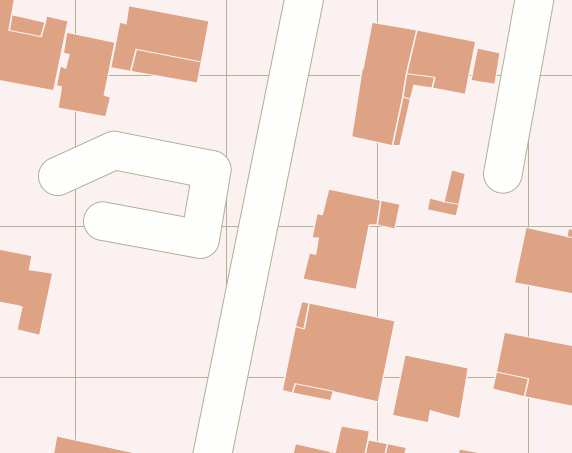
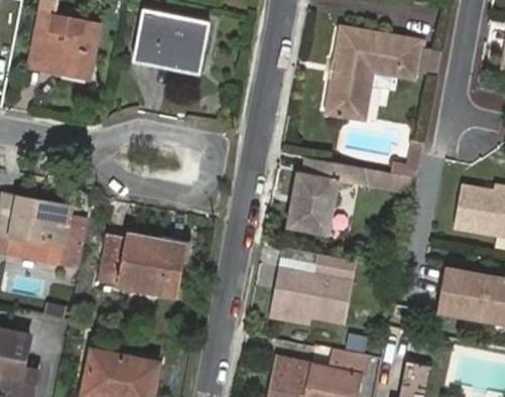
building: [57,32,115,117] -> none
building: none -> [100,233,186,293]
building: [393,355,468,423] -> none

